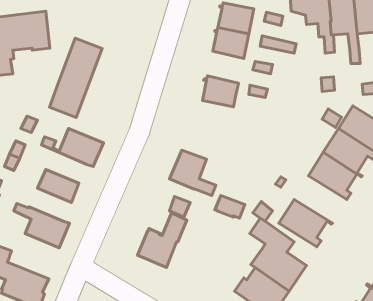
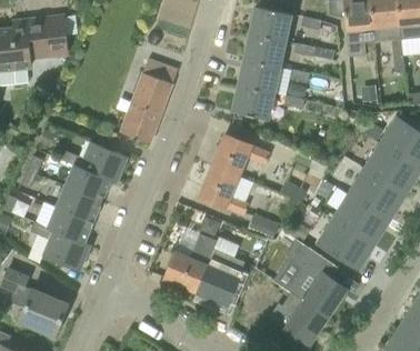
building: [49,38,102,117] -> [121,59,178,144]
building: none -> [240,59,279,93]
building: none -> [212,134,270,176]
building: none -> [66,166,110,201]
building: none -> [333,193,390,244]
building: none -> [34,202,93,242]
building: none -> [196,249,246,304]

